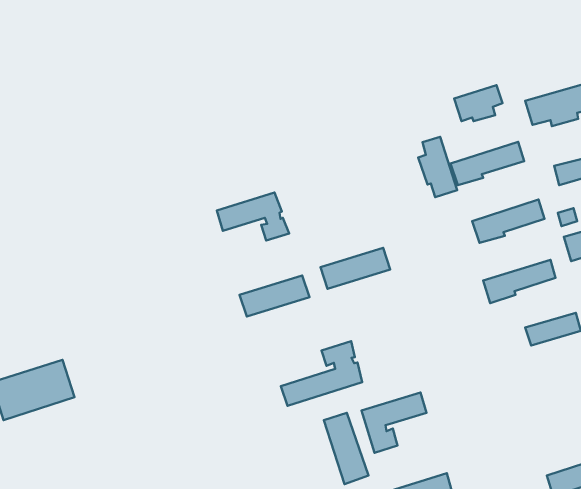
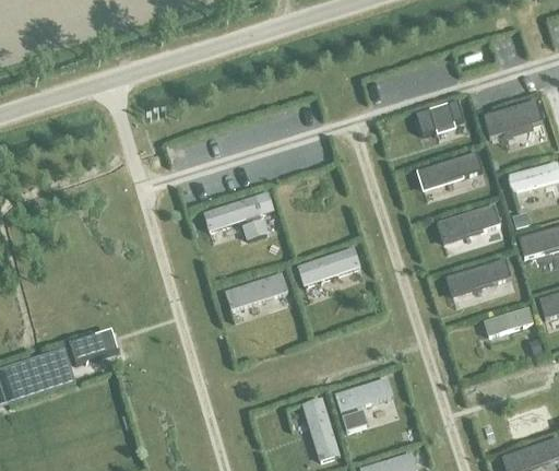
building: [418,137,457,197] -> none
building: none -> [70,331,114,364]
building: [281,341,362,406] -> none

